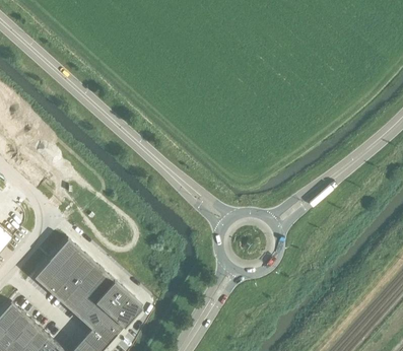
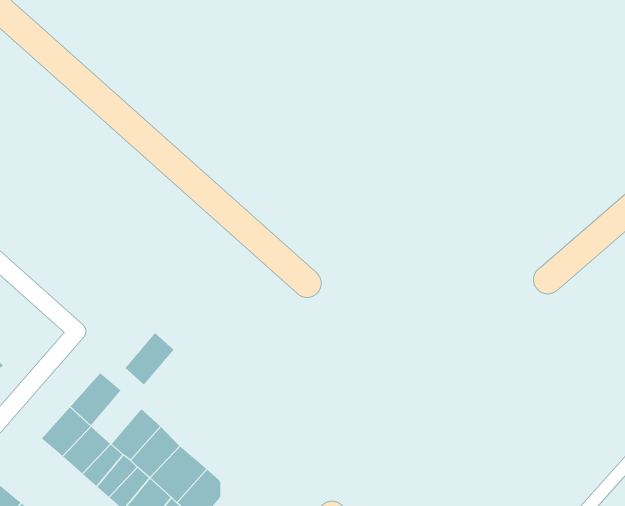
building: [62,252,90,282] -> [125,332,175,386]

